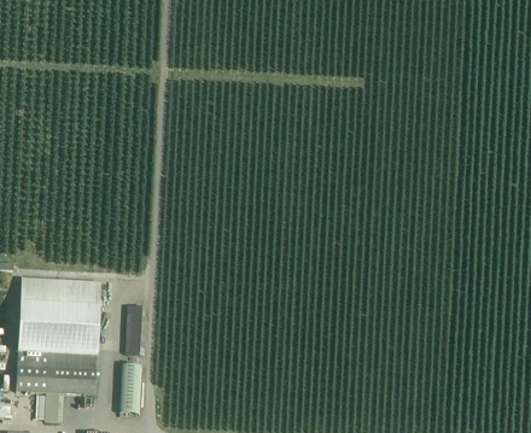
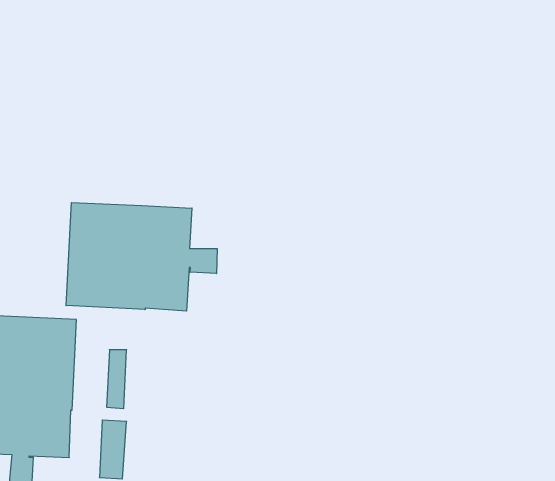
building: none -> [66,203,217,311]

